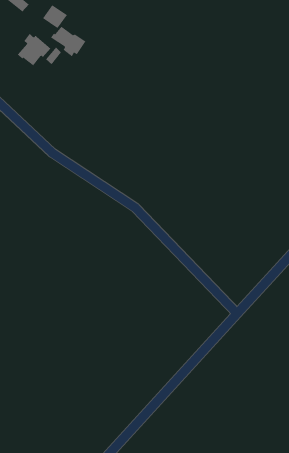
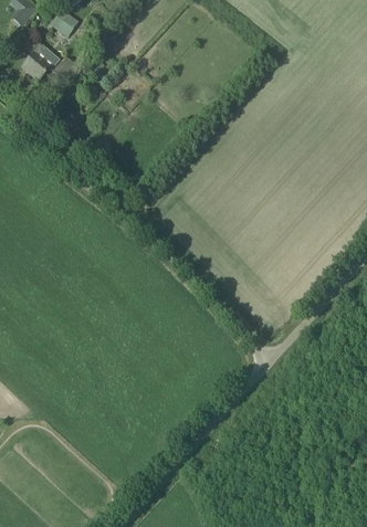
building: [50,26,86,57] -> none

